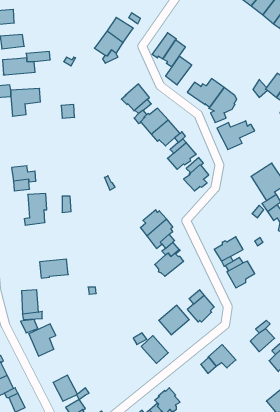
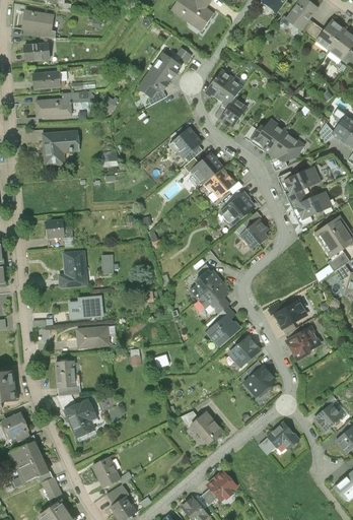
building: none -> [289,191,329,225]
building: none -> [70,296,102,317]
building: [159,305,189,335] -> [226,333,261,367]

